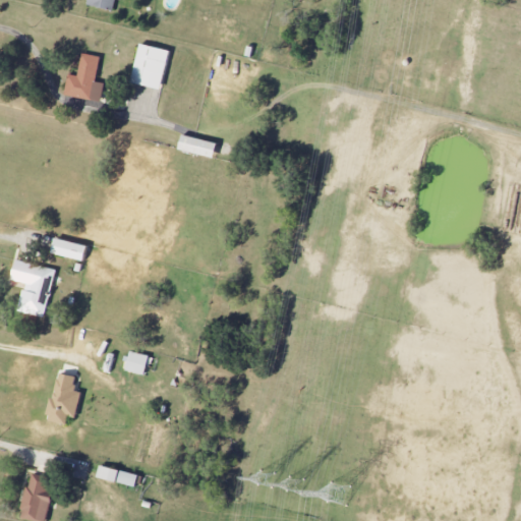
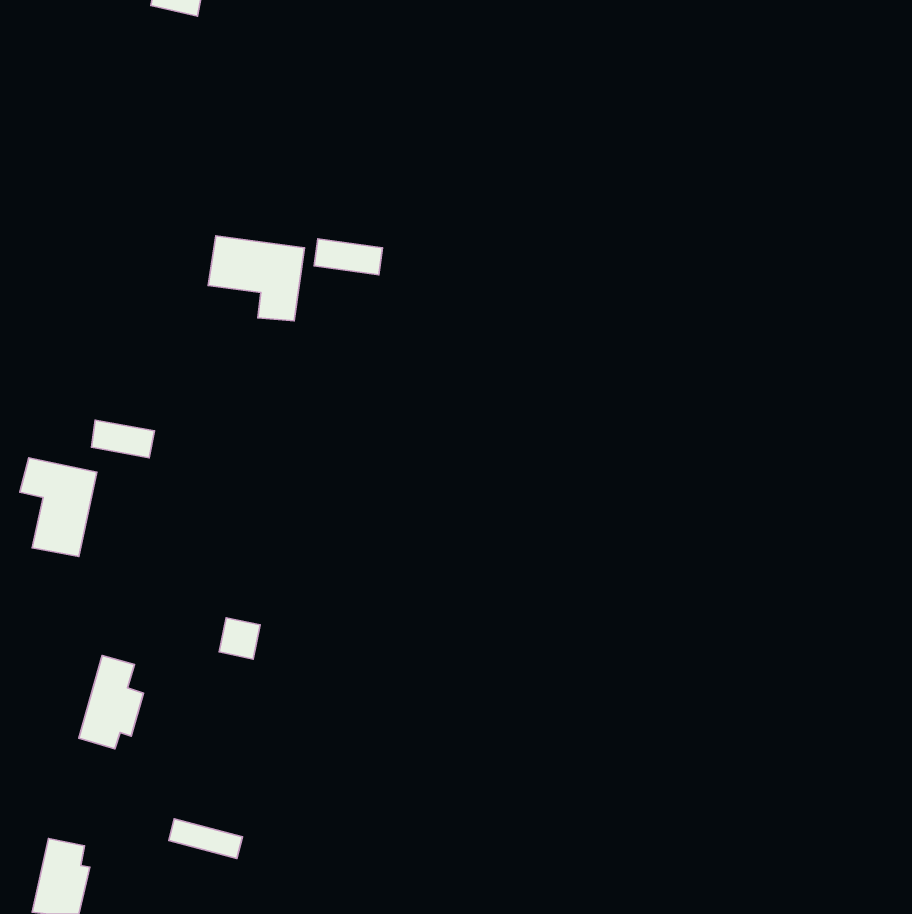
building: [129,43,169,89] -> none
building: [62,52,102,101] -> none
building: none -> [208,236,304,321]

